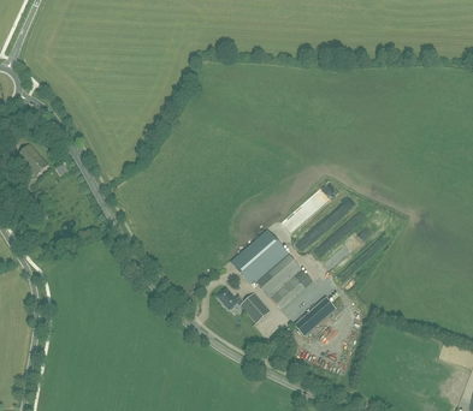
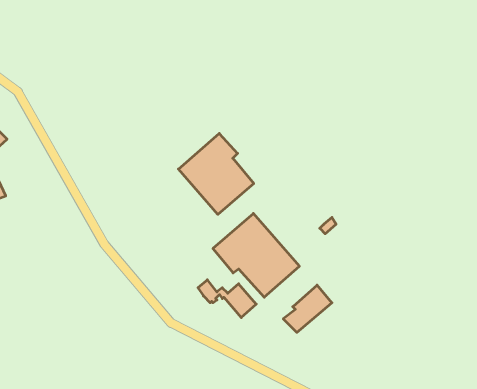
building: none -> [178,133,254,214]

